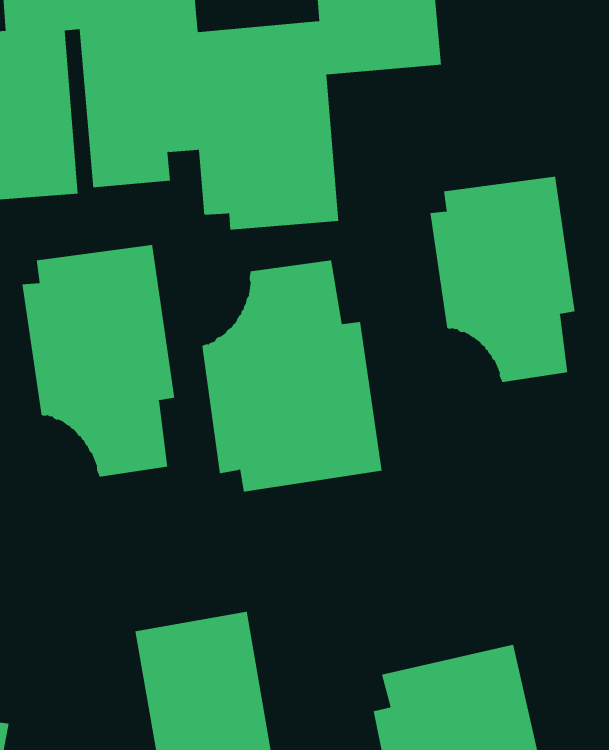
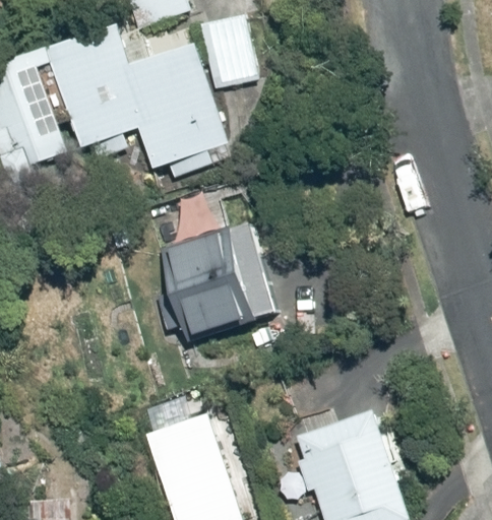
building: [430,176,575,383] -> none
building: [22,244,175,478] -> none

